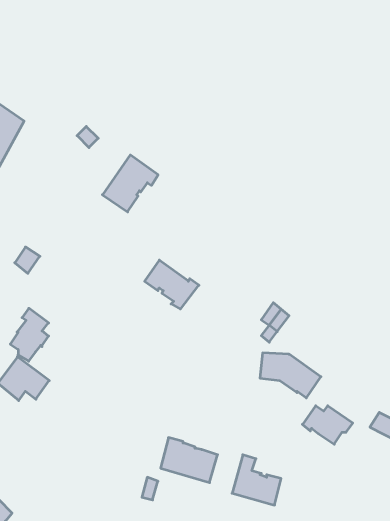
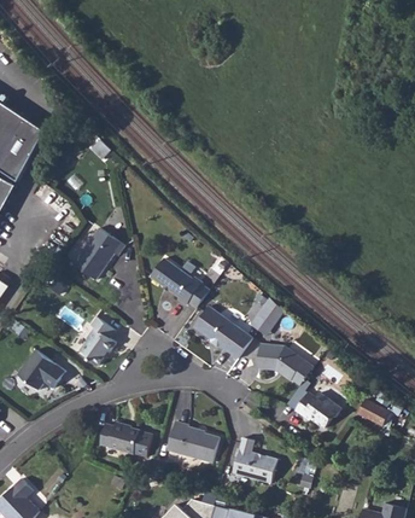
building: [102,155,158,212] -> [74,228,124,280]
building: [10,308,49,361] -> [80,316,115,365]
building: none -> [193,305,251,359]
building: none -> [99,423,154,458]

